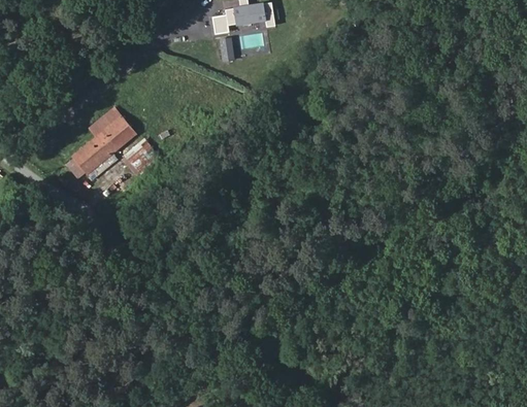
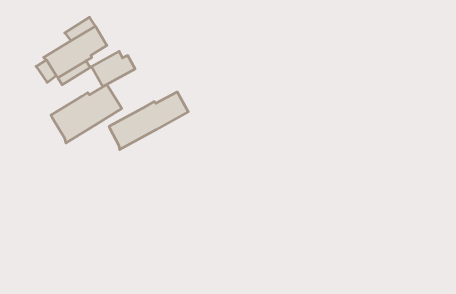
building: none -> [109,92,188,150]
building: none -> [51,84,122,143]

